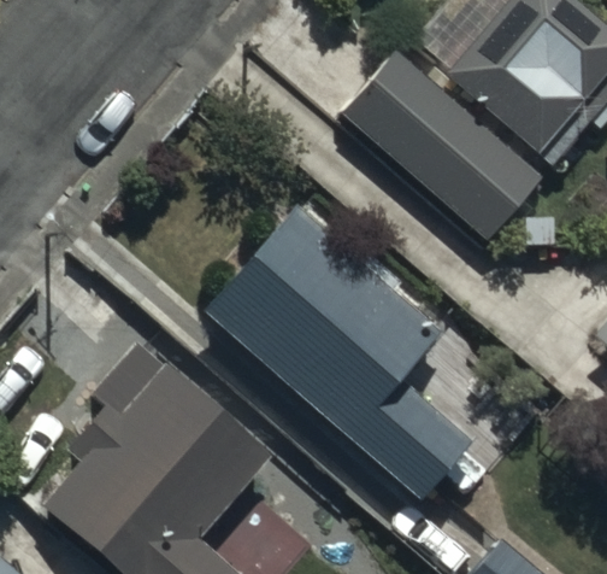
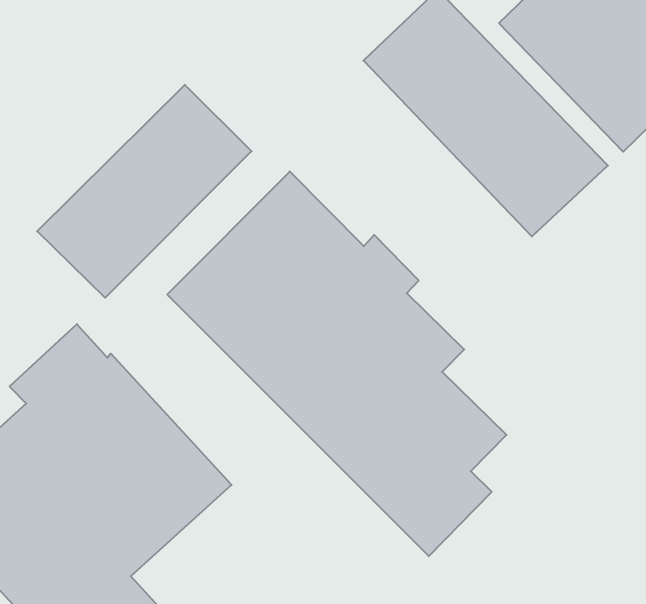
building: none -> [37,85,252,298]

